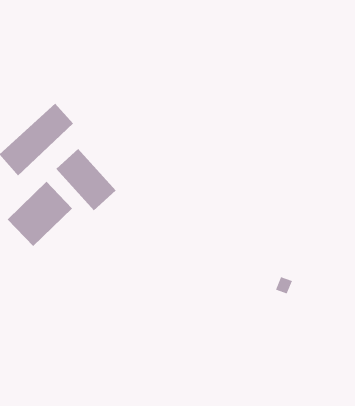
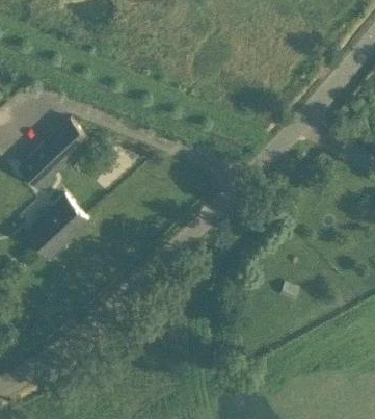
building: [56,148,116,211] -> none

